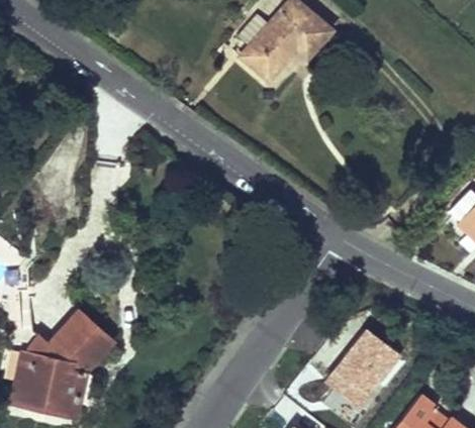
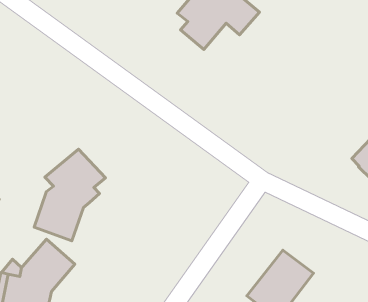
building: none -> [34,149,105,241]

